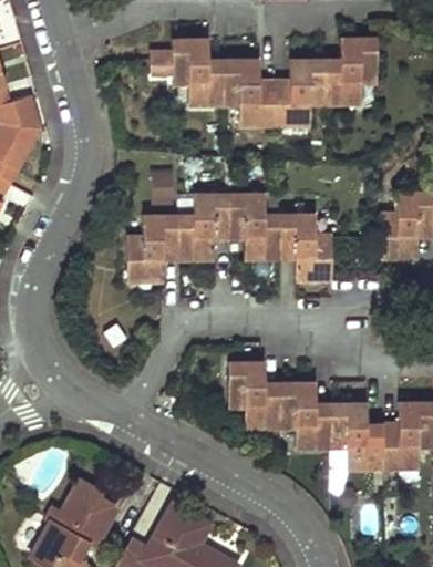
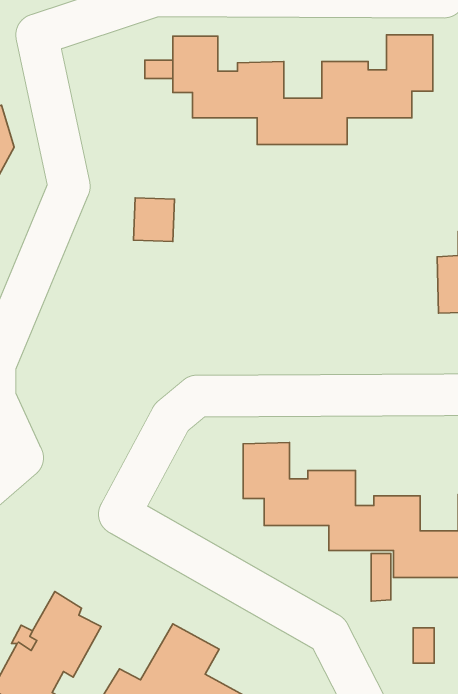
building: [124,194,329,281] -> none

